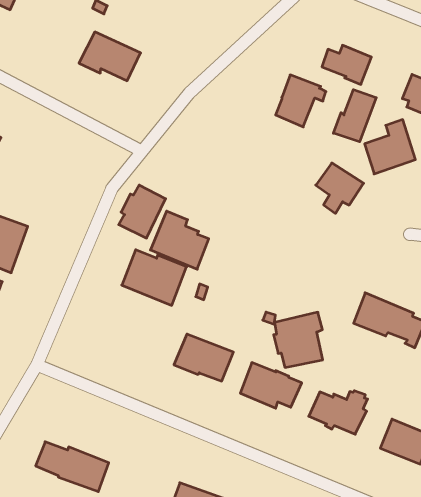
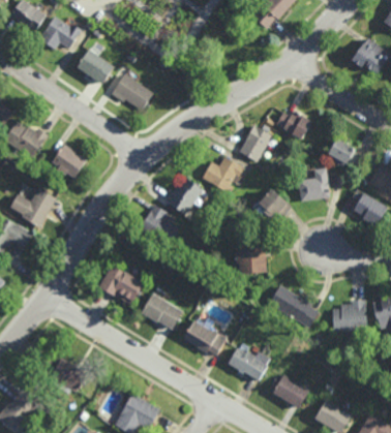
building: none -> [77,50,114,85]
building: [333,90,376,142] -> none
building: none -> [202,156,245,193]
building: none -> [51,145,86,178]
building: [119,185,166,238] -> [168,178,203,215]
building: [122,250,187,305] -> [98,261,145,304]
building: [274,312,323,367] -> [235,239,269,273]

